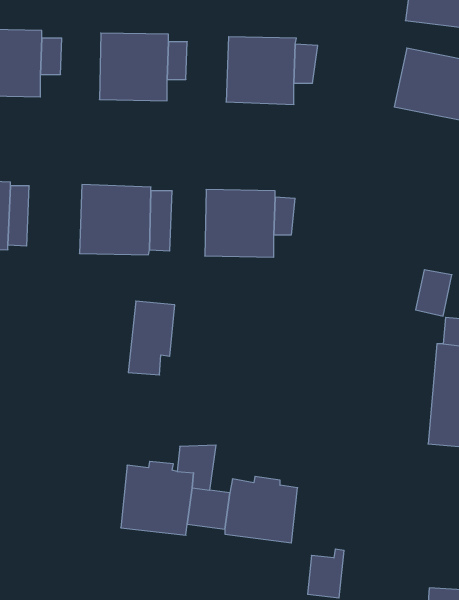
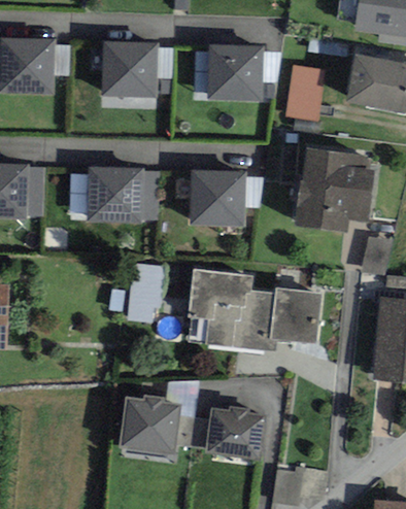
building: none -> [284,65,325,121]
building: none -> [293,148,374,233]
building: none -> [187,270,322,350]

